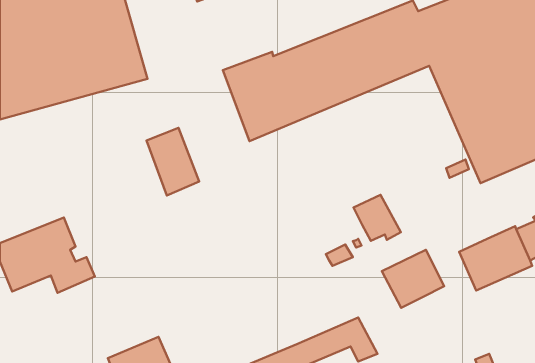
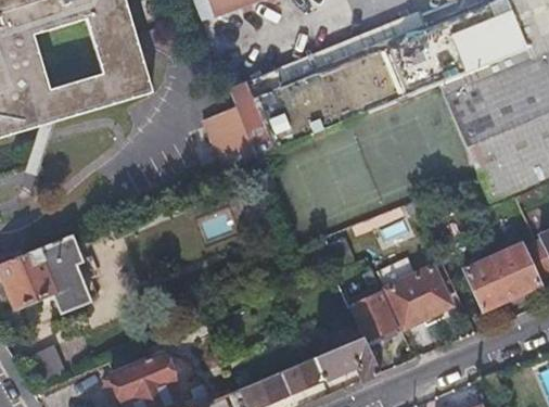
building: [146,128,199,195] -> [201,103,254,171]
building: [354,195,401,241] -> [352,292,399,339]

